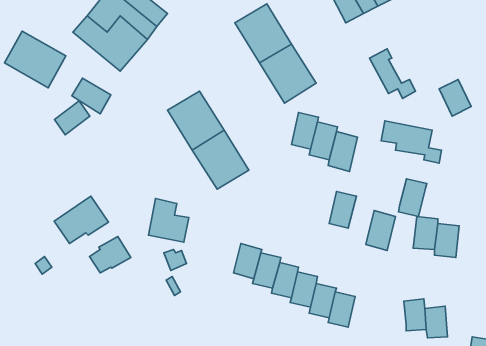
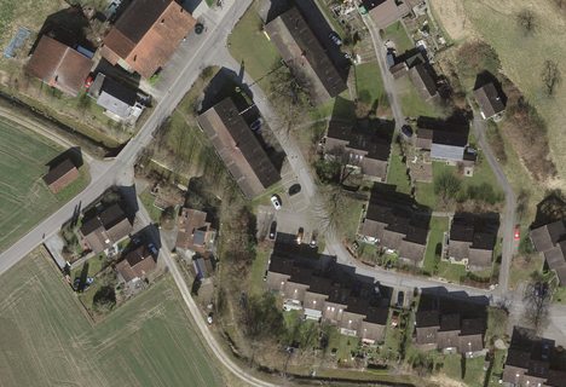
building: [54,101,90,135] -> [44,161,80,196]
building: [398,179,427,217] -> [379,209,408,248]
building: none -> [414,306,439,339]

